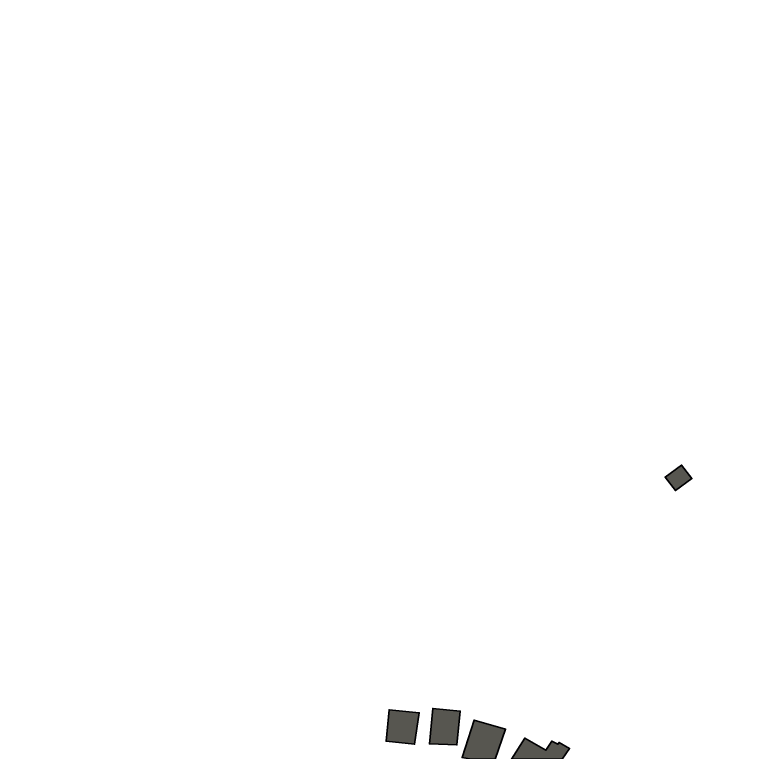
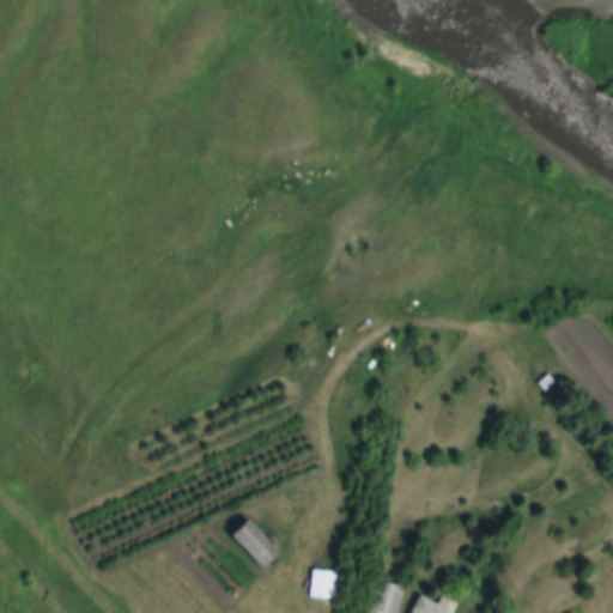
building: none -> [230,518,280,569]
building: [429,708,460,745] -> none

